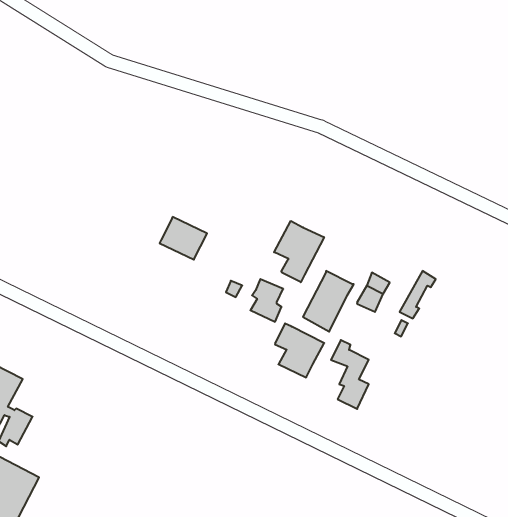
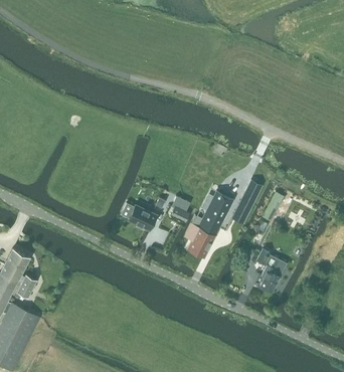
building: [160,217,207,260] -> [128,203,157,229]
building: [274,221,324,282] -> none
building: [331,340,369,409] -> [255,247,279,290]

